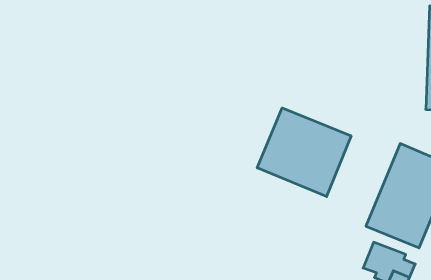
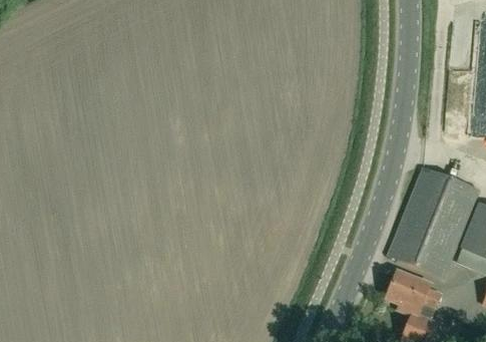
building: [257,108,351,197] -> none

